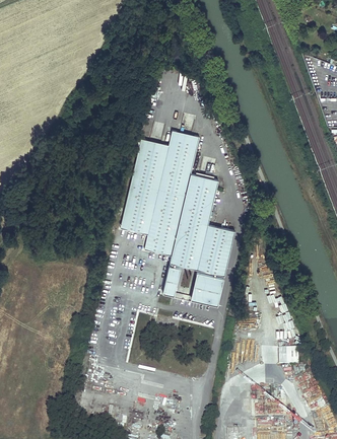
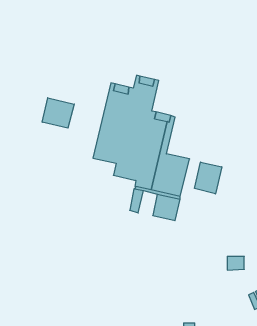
building: none -> [42,98,74,128]
building: none -> [195,162,222,194]

